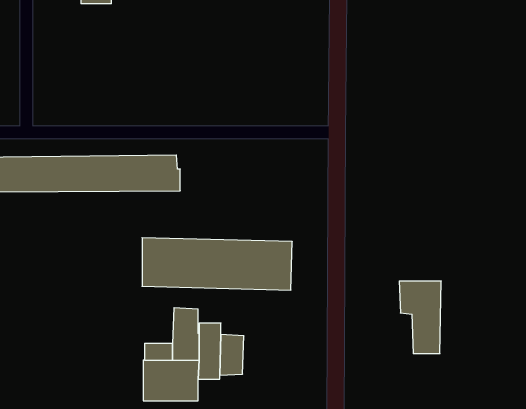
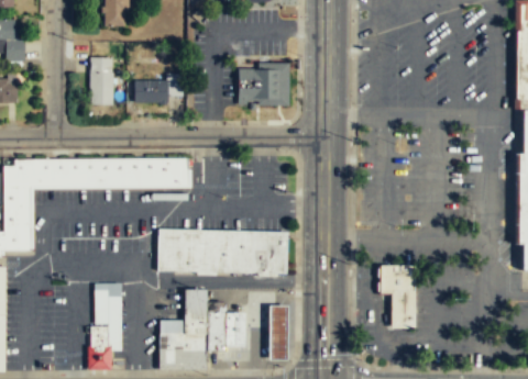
building: none -> [89,59,113,107]
building: none -> [238,63,289,104]
building: none -> [133,75,183,107]
building: none -> [86,282,121,369]
building: none -> [268,305,287,361]

